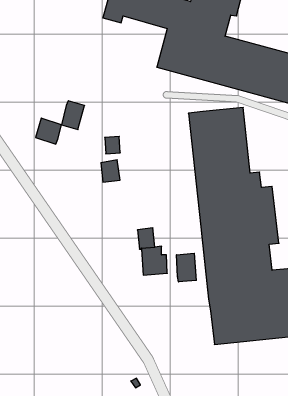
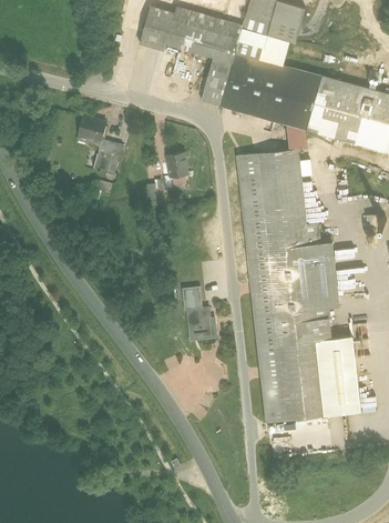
building: [36,118,62,144] -> [73,114,103,144]
building: [101,160,120,182] -> [163,151,185,177]
building: [177,253,196,282] -> none

